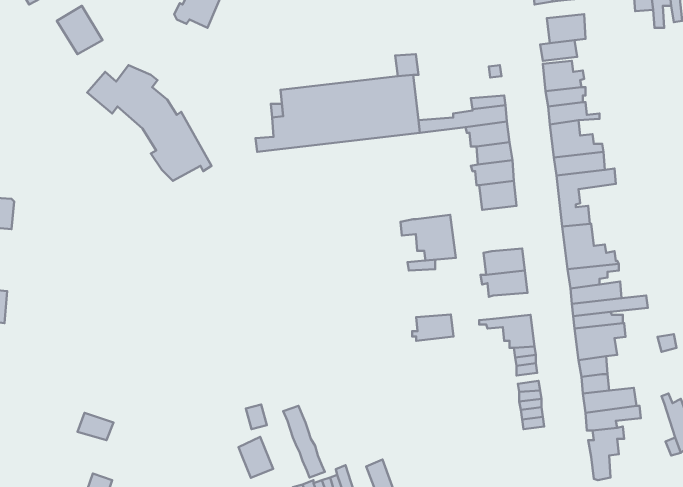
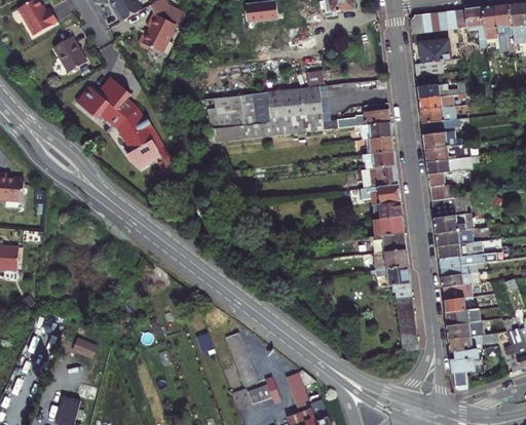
building: [401,215,456,260] -> [360,184,401,218]
building: [412,315,453,341] -> [376,248,407,268]
building: [238,437,273,478] -> none

